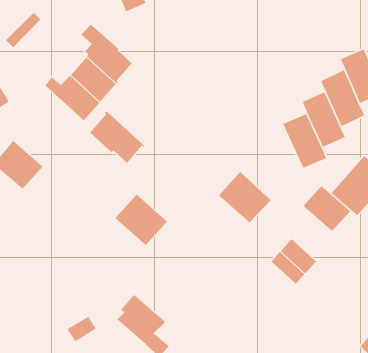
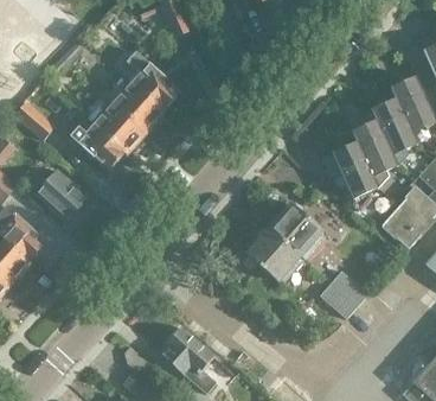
building: [89,111,146,164] -> [71,114,129,168]
building: [302,185,351,232] -> none
building: [114,194,168,246] -> [244,227,299,280]

